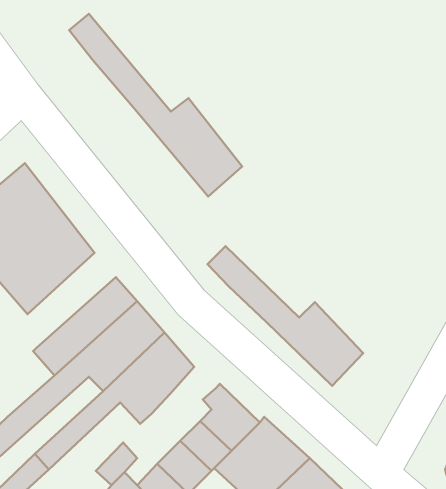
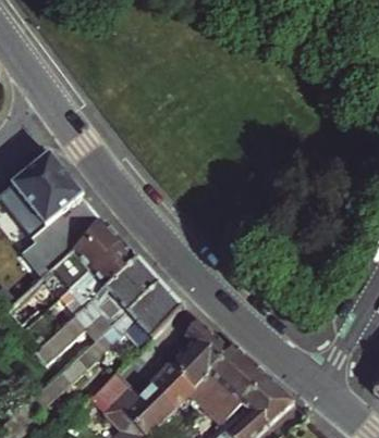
building: [69,14,242,196] -> none
building: [208,246,363,386] -> none
building: none -> [44,222,121,295]

